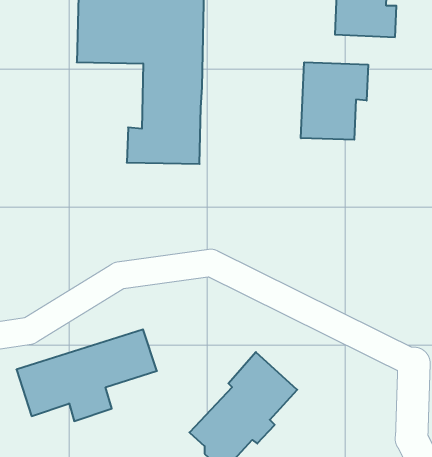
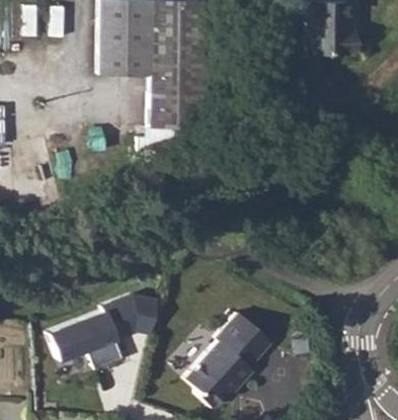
building: [301,62,368,140] -> none

